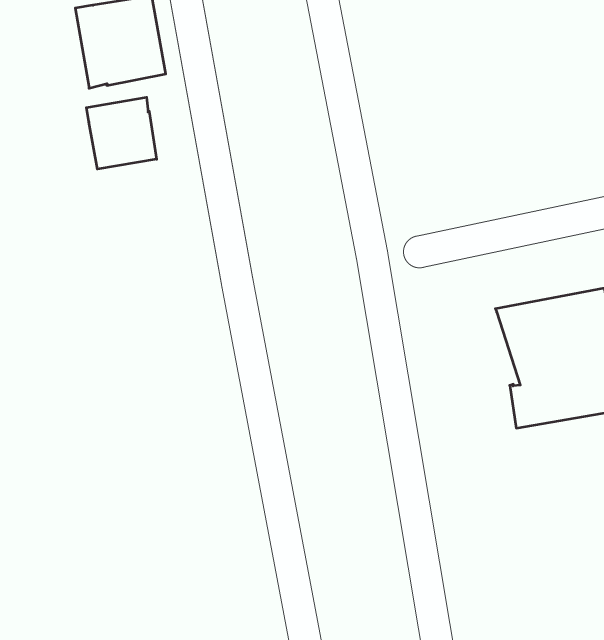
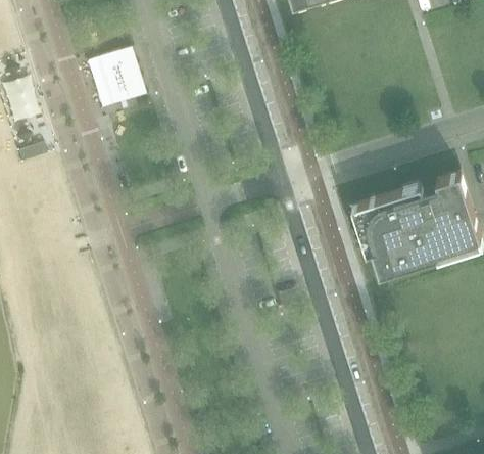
building: [86,97,157,169] -> none

